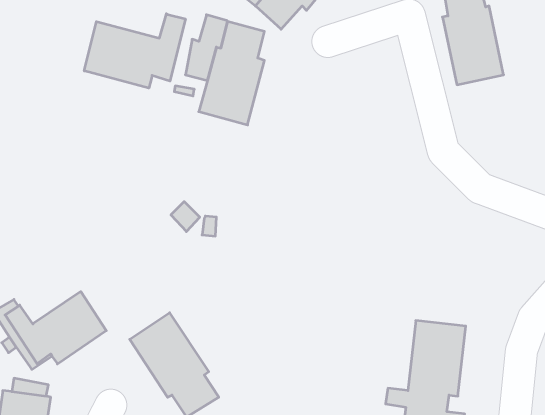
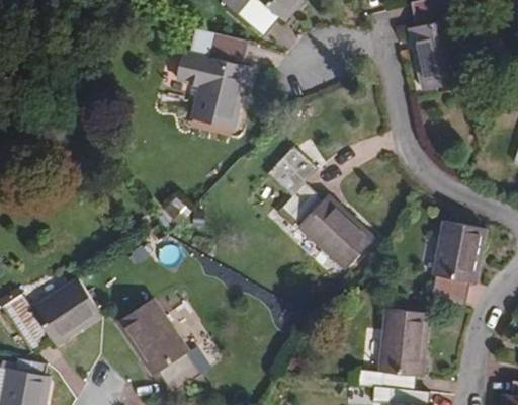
building: [84,14,185,88] -> none
building: none -> [262,150,371,268]
building: none -> [430,222,484,306]

